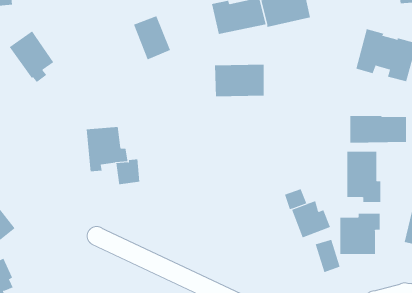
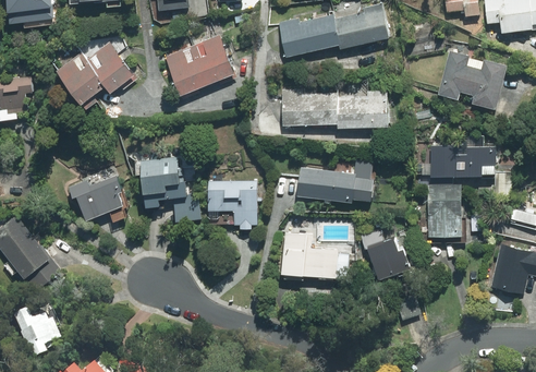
building: none -> [86,43,137,93]
building: none -> [166,46,208,96]
building: none -> [338,91,387,128]
building: none -> [297,161,374,203]
building: none -> [70,177,130,224]
building: none -> [208,181,257,230]
building: none -> [282,231,350,279]
building: [340,213,380,255] -> none

